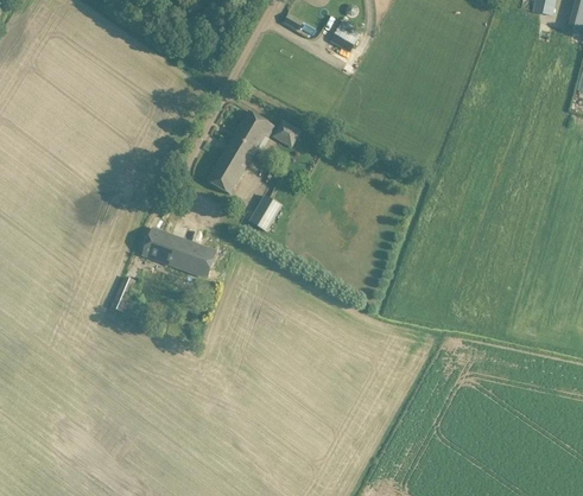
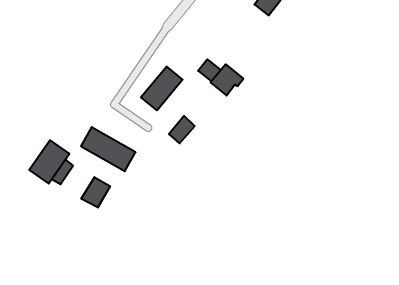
building: [234,112,274,151] -> [211,64,243,96]
building: none -> [29,140,69,184]
building: none -> [81,177,110,208]

